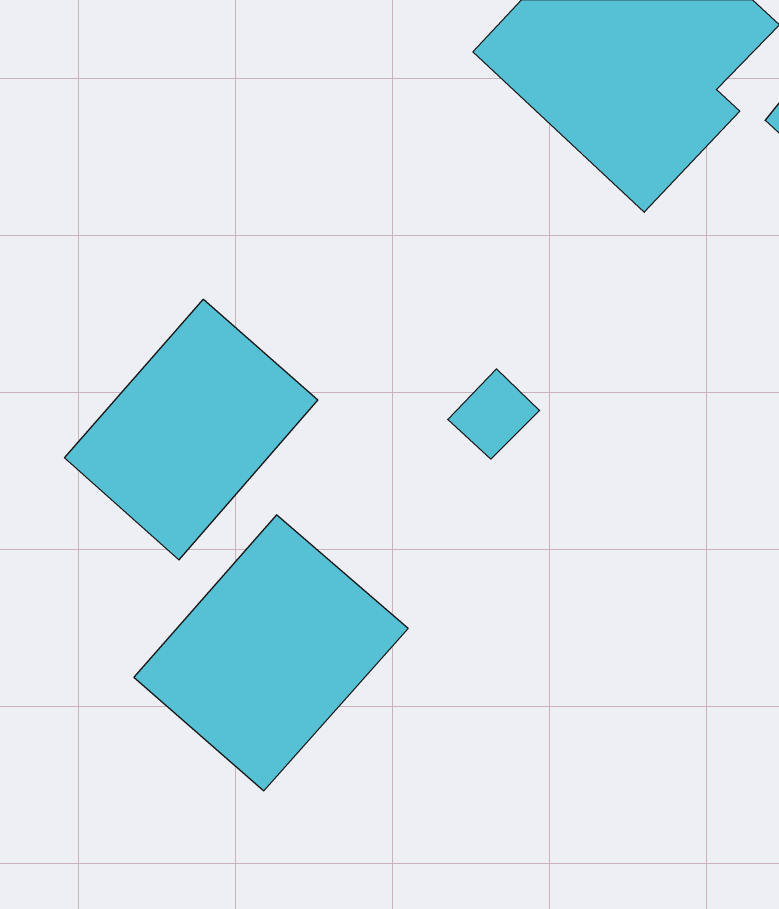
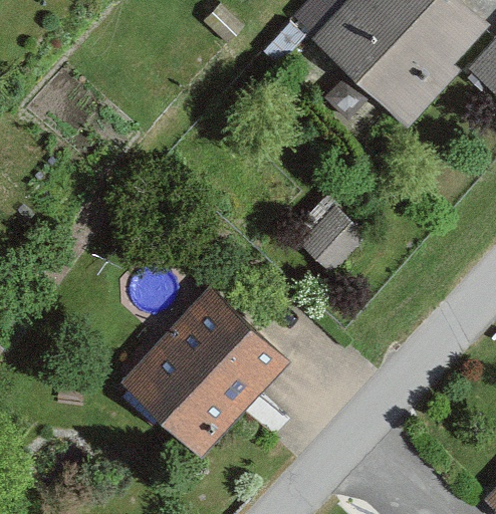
building: [65,299,318,560] -> none

